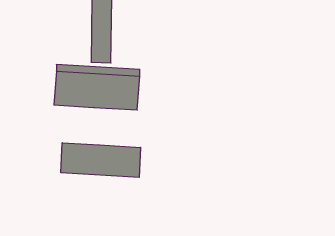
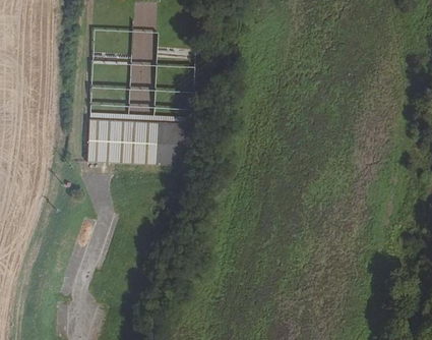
building: [61,143,141,177] -> none

